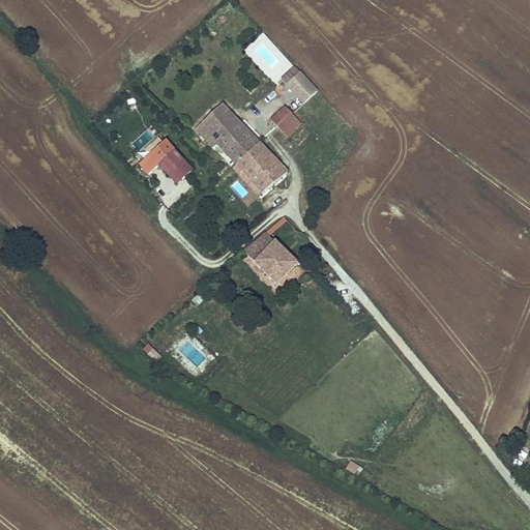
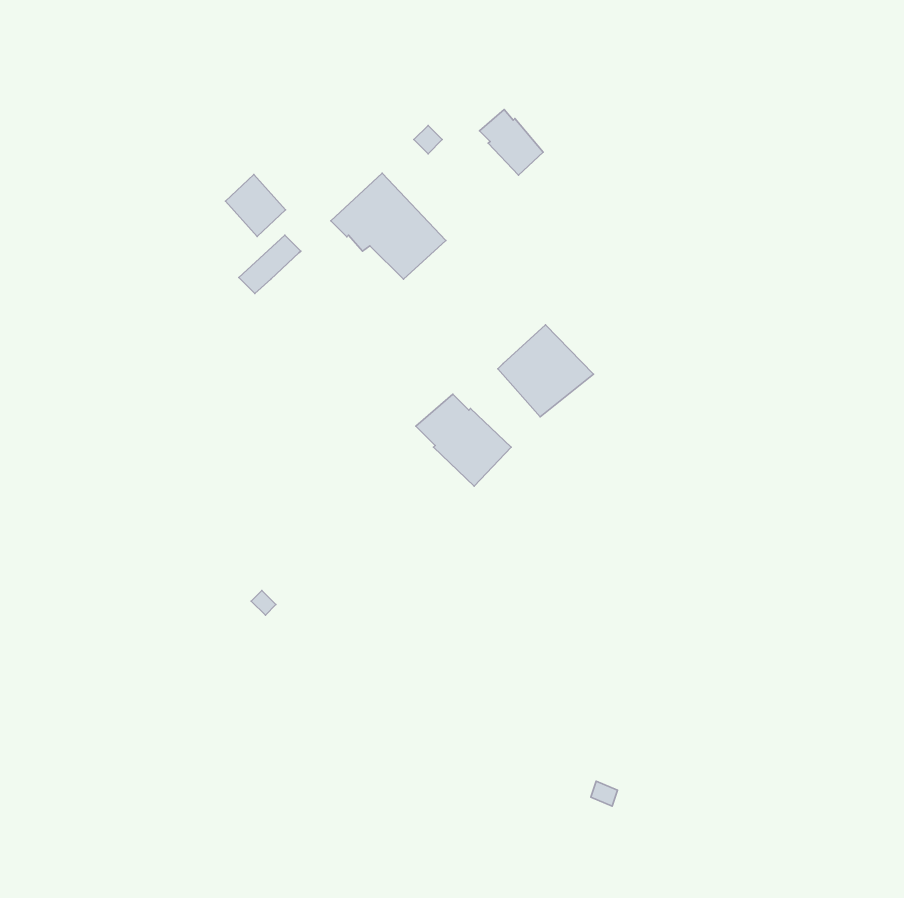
building: [270,104,302,135] -> none
building: [233,141,289,195] -> [498,325,593,417]
building: [158,148,194,184] -> [225,175,286,236]

